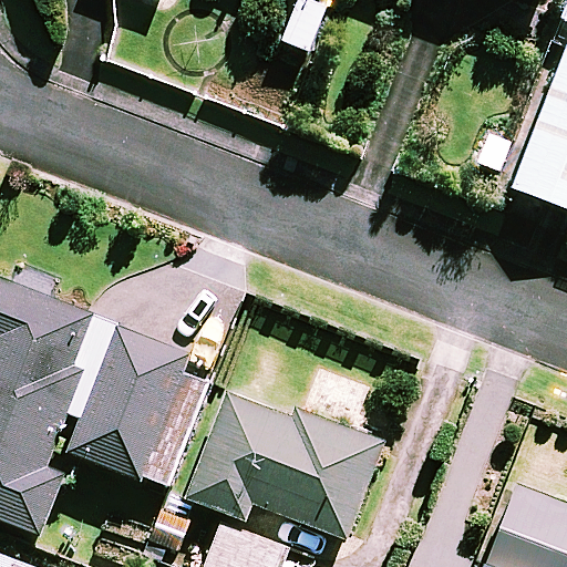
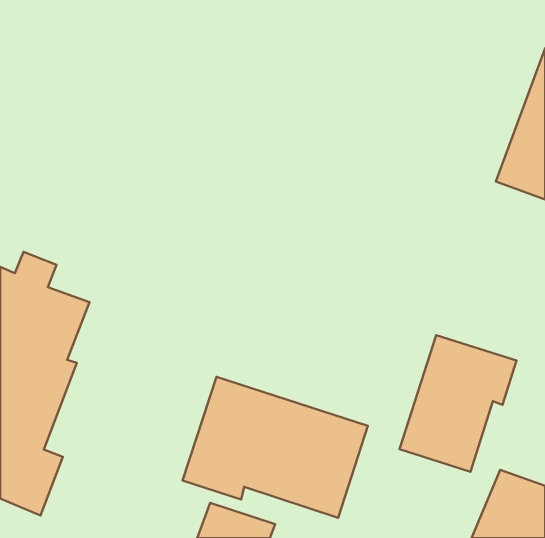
building: [71,329,209,488] -> none
building: none -> [399,335,517,472]

